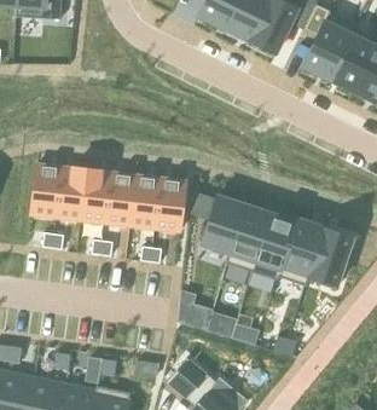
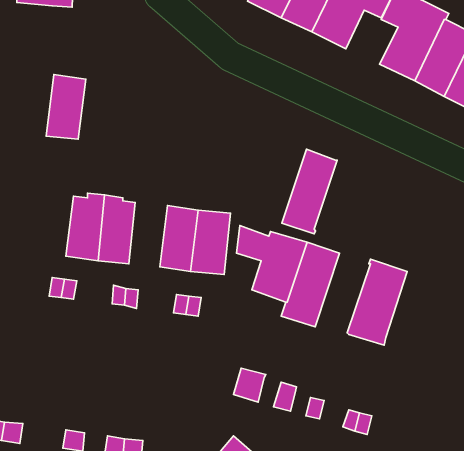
building: [30,166,62,216] -> [46,75,86,139]
building: [105,174,135,225] -> none
building: [251,214,295,281] -> [282,149,337,234]
building: [307,229,353,290] -> none

